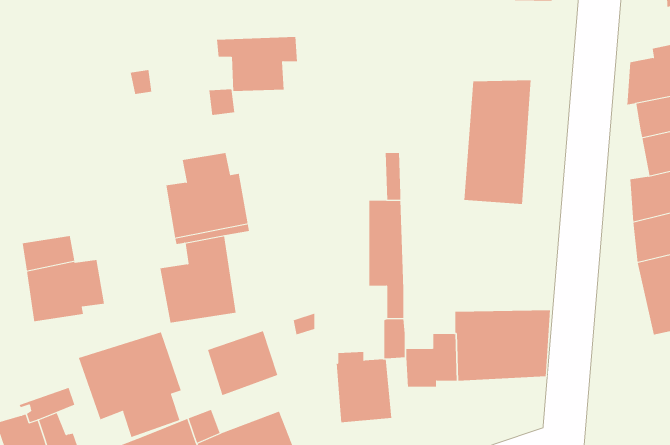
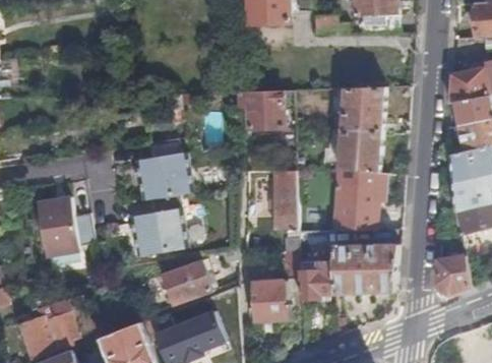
building: [216,37,298,91] -> [237,90,293,128]
building: none -> [332,170,378,231]
building: none -> [437,249,472,295]
building: [78,331,181,438] -> none

